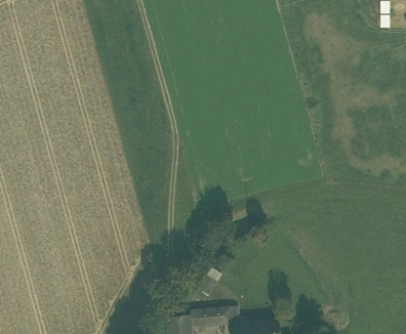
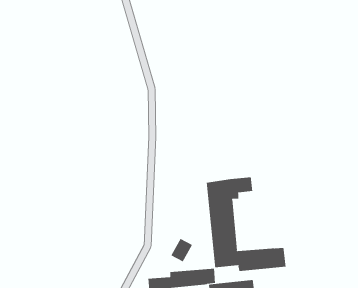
building: none -> [206,177,286,272]

